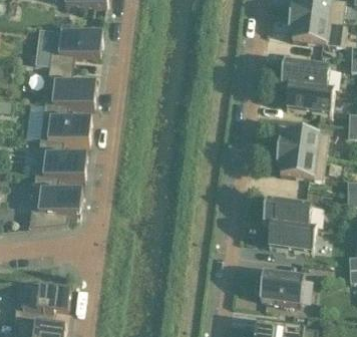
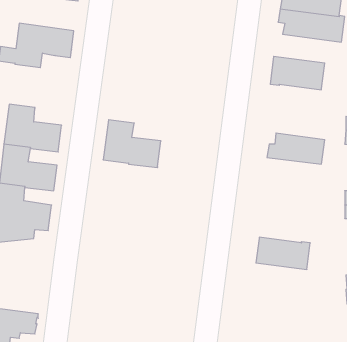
building: [44,65,96,108] -> [103,120,161,168]
building: [285,83,334,112] -> none
building: [275,149,326,179] -> none
building: [262,197,311,227] -> none
building: [253,269,304,304] -> none

